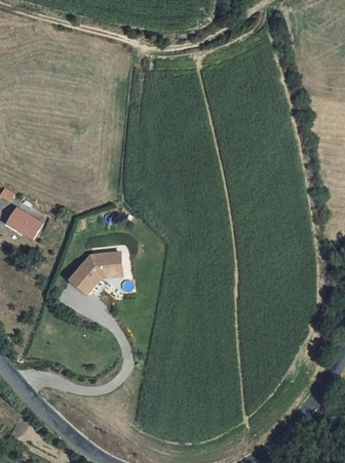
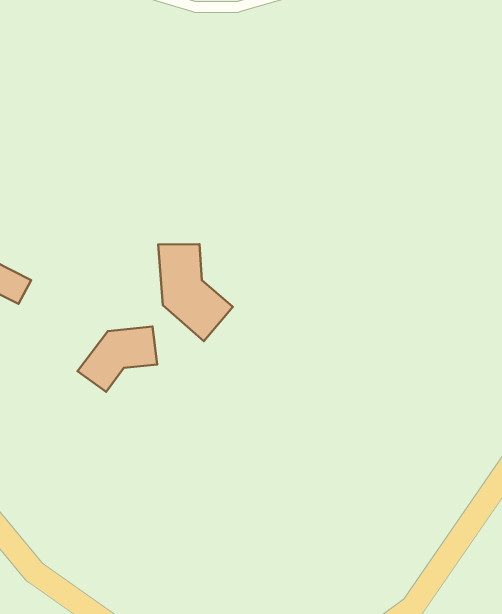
building: none -> [158,244,233,341]

